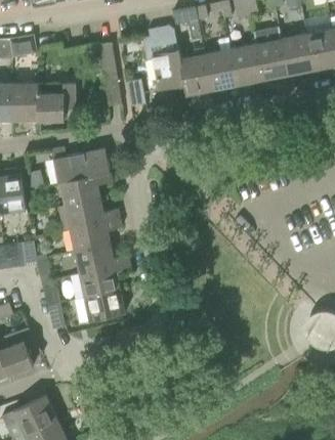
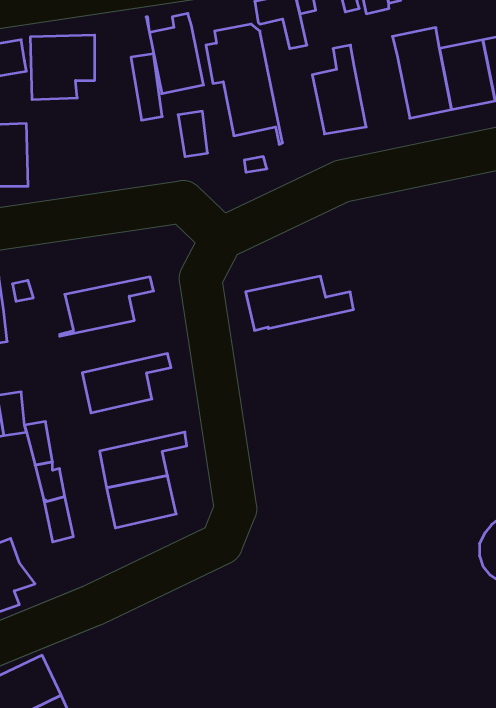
building: [228,45,261,86] -> none
building: [177,48,211,95] -> [146,13,204,94]
building: [36,83,74,121] -> [30,35,95,100]
building: [49,146,109,184] -> none
building: [55,200,119,231] -> [246,276,354,330]
building: [74,246,129,276] -> none

